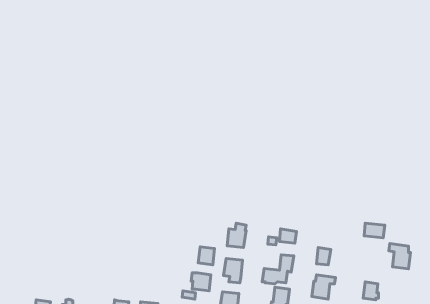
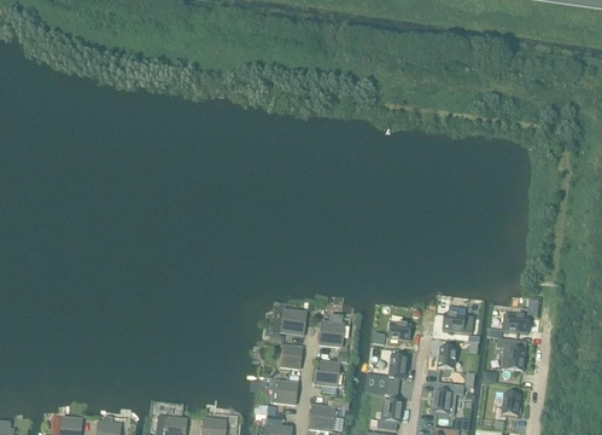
building: none -> [276,301,306,335]
building: none -> [442,306,474,332]
building: [389,244,410,269] -> [497,337,526,371]

